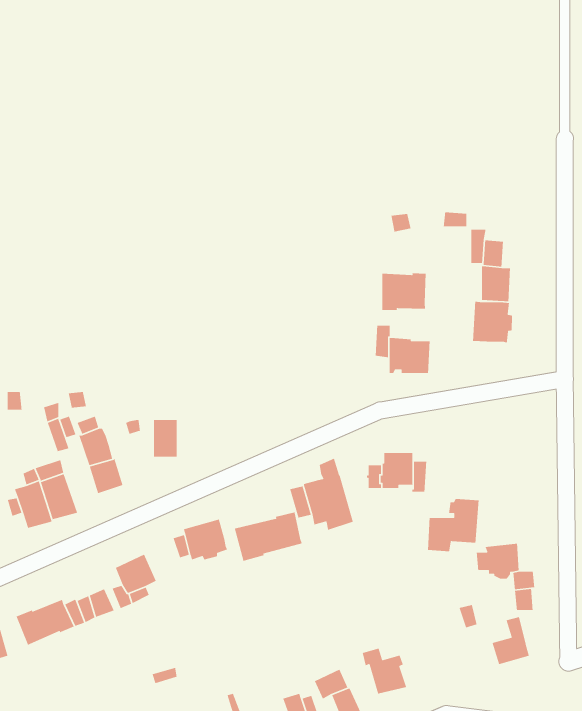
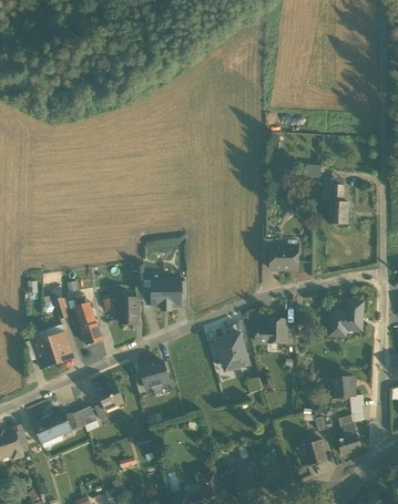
building: [381,272,427,311] -> none
building: [472,301,513,343] -> none
building: none -> [152,279,181,310]
building: [427,498,480,552] -> [329,301,363,336]
building: [234,511,303,562] -> none
building: [362,647,407,694] -> [297,434,326,464]

